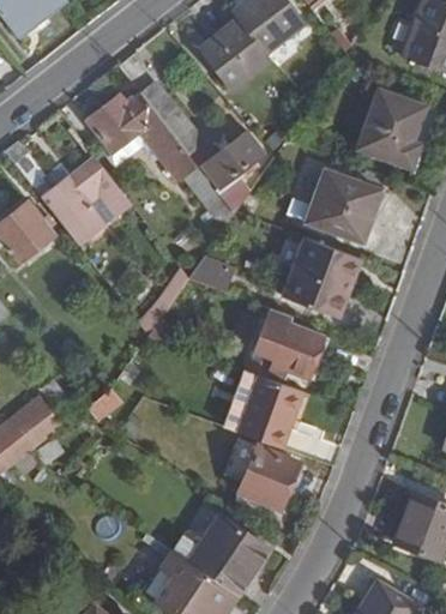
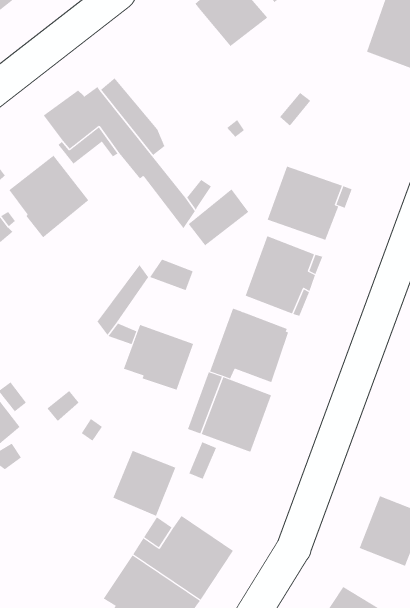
building: [199,17,270,91] -> none
building: [355,89,428,167] -> none
building: [203,131,263,187] -> [188,188,249,246]
building: none -> [123,324,194,391]
building: [237,445,300,510] -> [113,450,176,516]

